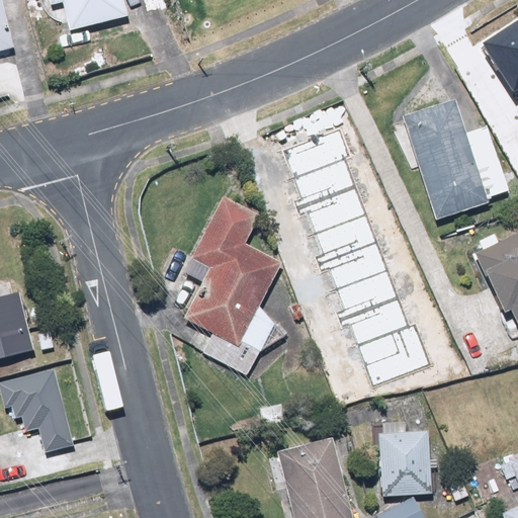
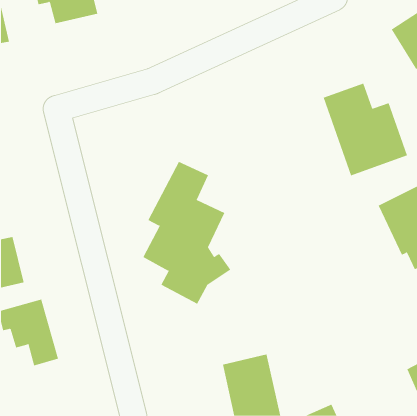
building: [282,125,434,387] -> none
building: [376,424,436,496] -> none

